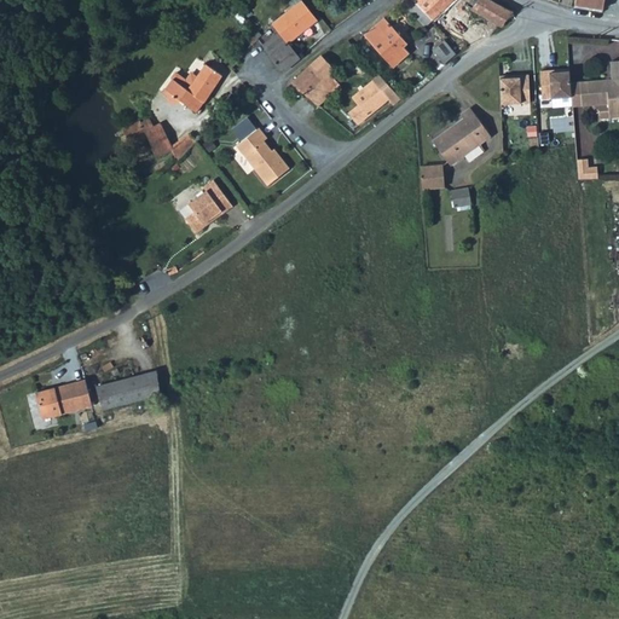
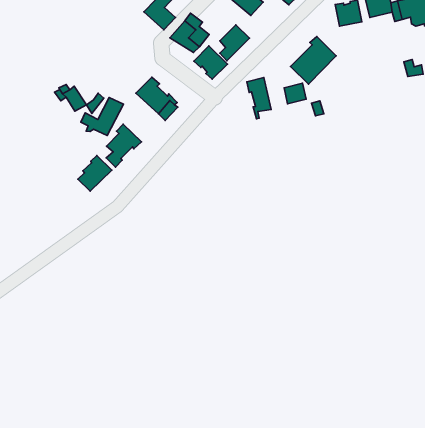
building: [164,63,221,110] -> [81,98,124,136]
building: none -> [194,46,227,79]
building: none -> [247,77,271,119]
building: none -> [78,155,112,191]
building: [94,371,160,411] -> none
building: [35,381,92,420] -> none

